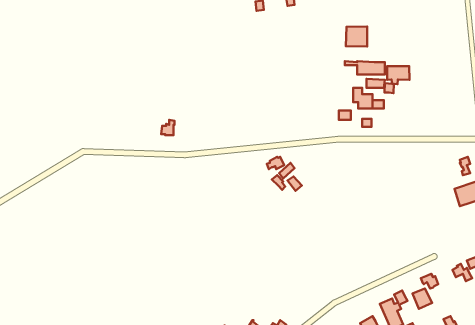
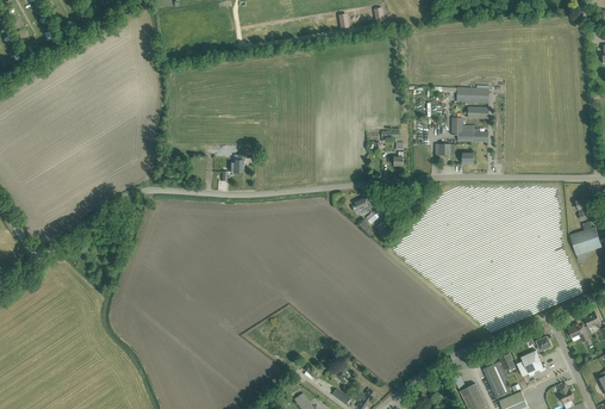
building: [346,26,367,47] -> none
building: [385,66,409,93] -> none

